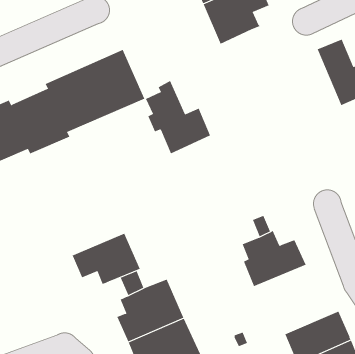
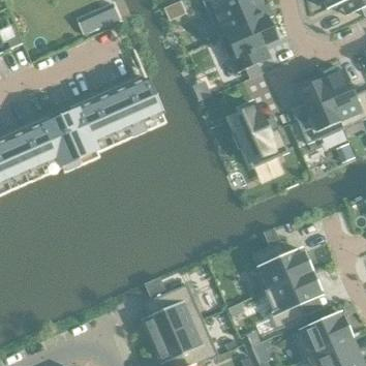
building: none -> [297,78,342,143]
building: [145,80,211,154] -> [230,101,288,167]
building: [67,233,140,285] -> none
building: none -> [264,271,321,329]

